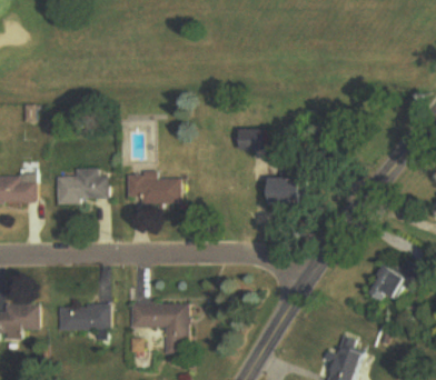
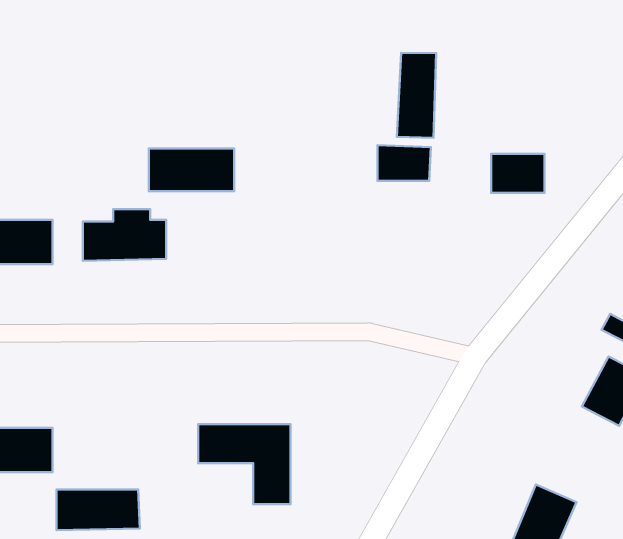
building: none -> [397,53,436,138]
building: [127,177,180,203] -> [149,149,234,191]
building: [269,178,303,202] -> [491,154,544,193]
building: [56,304,108,330] -> [56,489,140,530]

